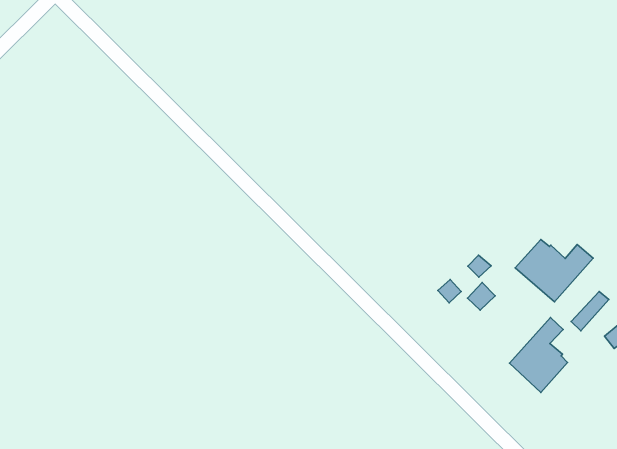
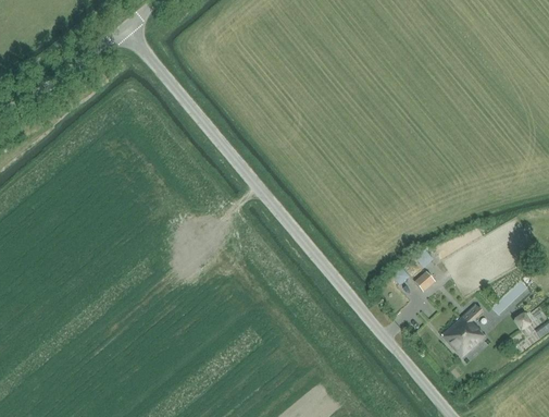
building: [515,240,593,302] -> none

